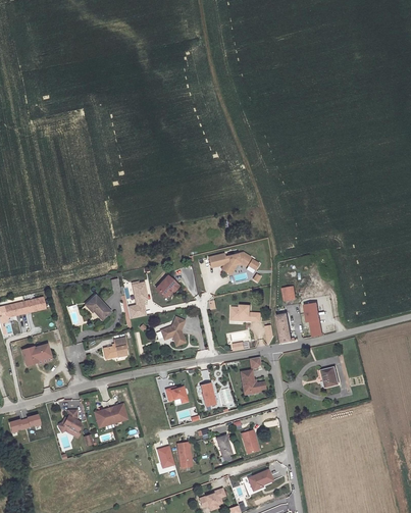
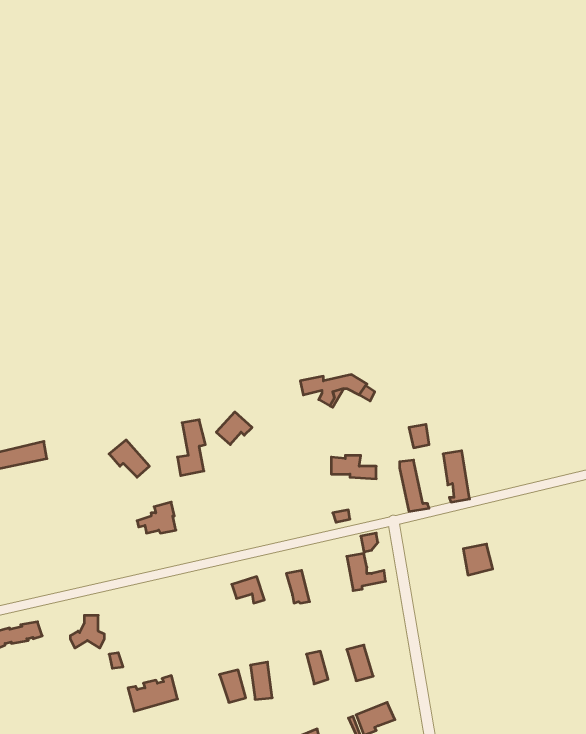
building: [160,316,187,346] -> none
building: [21,345,52,365] -> none
building: [95,404,127,427] -> [128,676,178,711]

